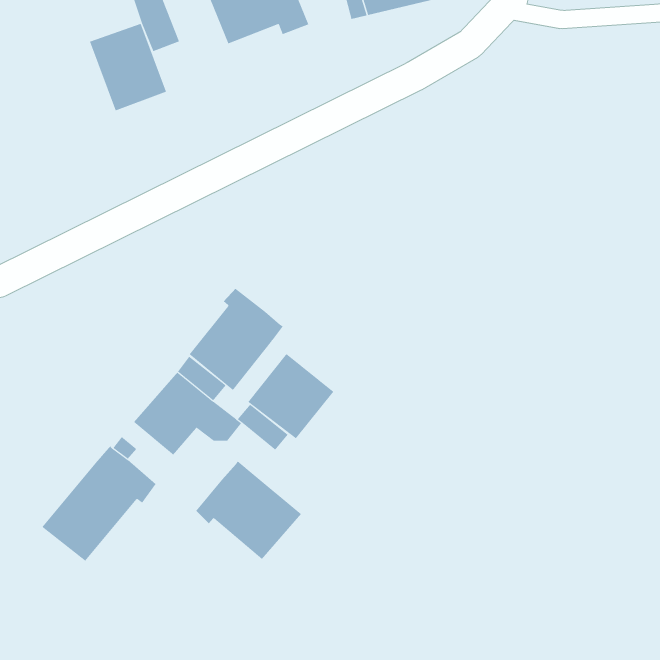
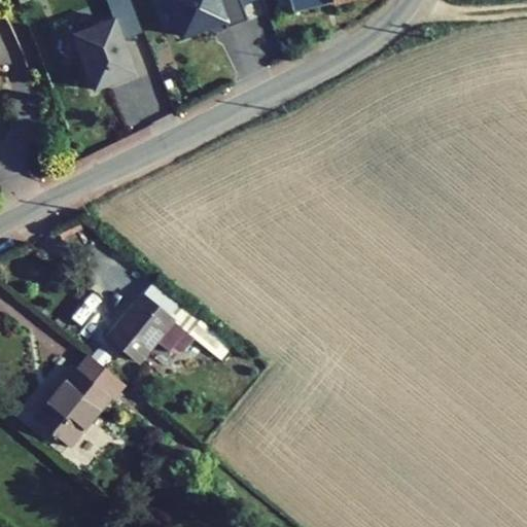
building: [189,288,284,391] -> none
building: [248,353,334,439] -> none
building: [196,461,302,560] -> none

